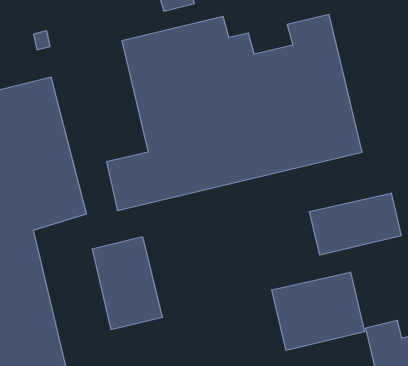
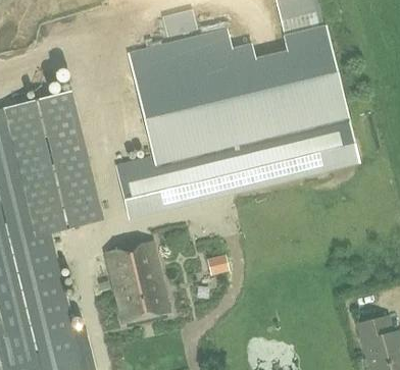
building: [310,193,401,255] -> none
building: [272,272,364,350] -> none

